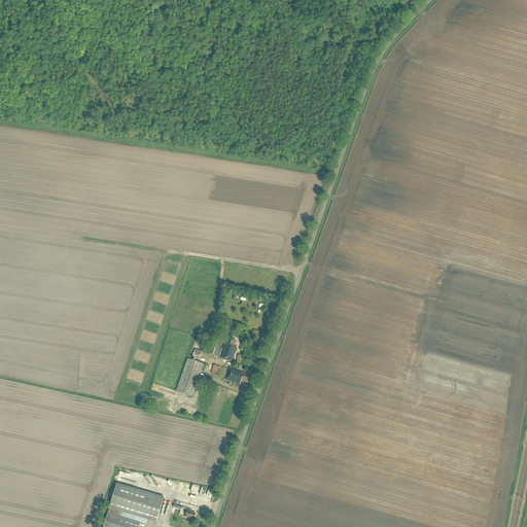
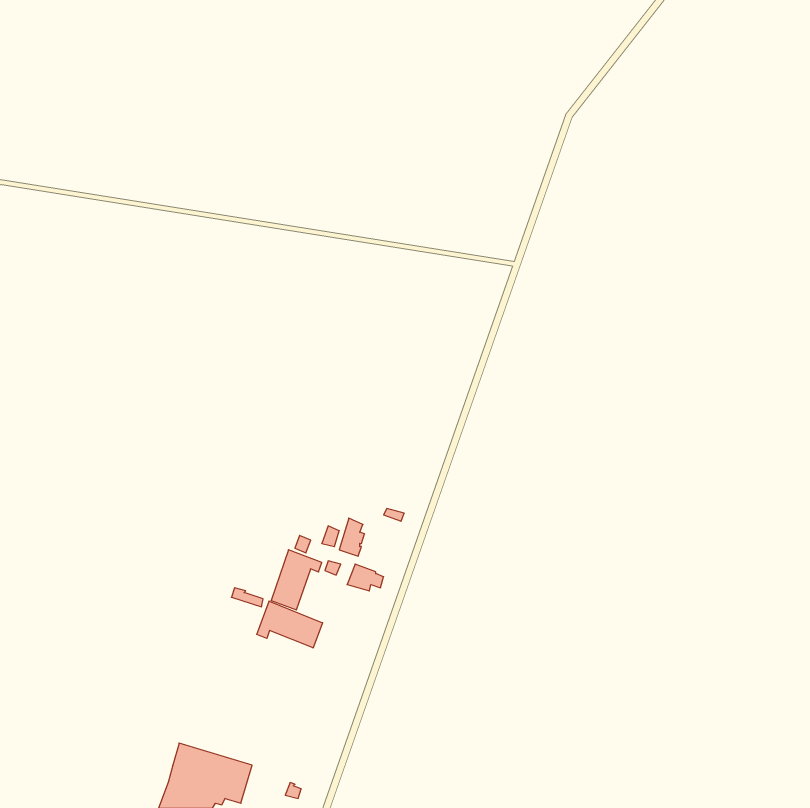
building: none -> [257,601,323,648]

